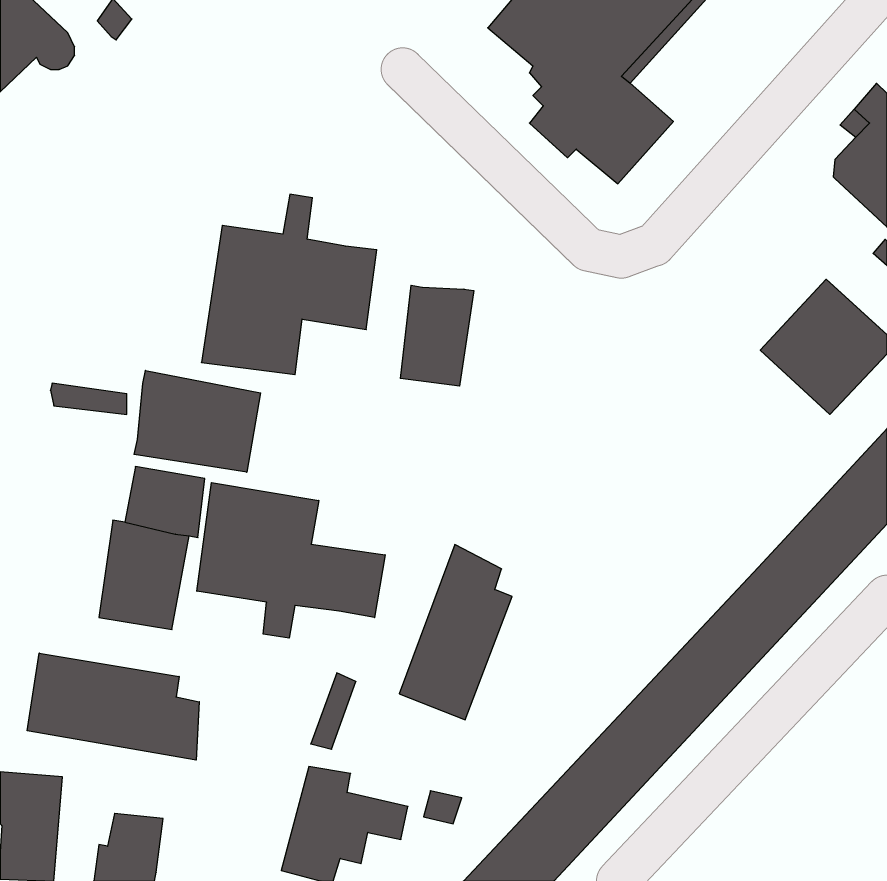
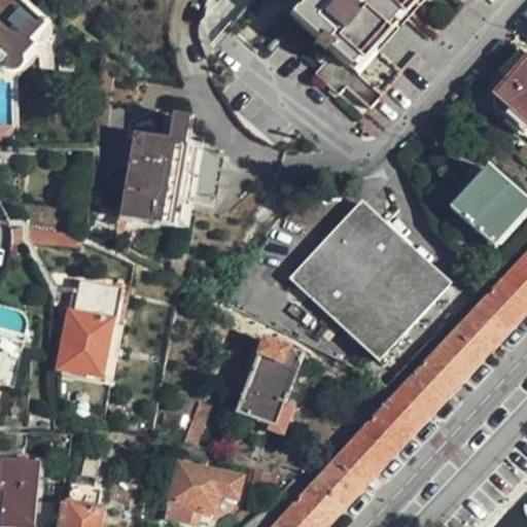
building: [400,285,474,386] -> none
building: none -> [293,200,451,358]
building: [134,370,261,472] -> none
building: [197,483,385,638] -> none
building: [27,653,199,760] -> none

